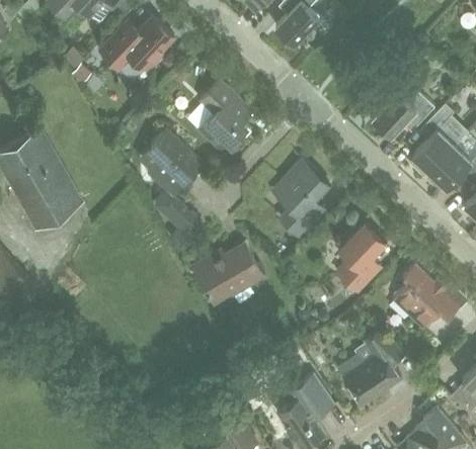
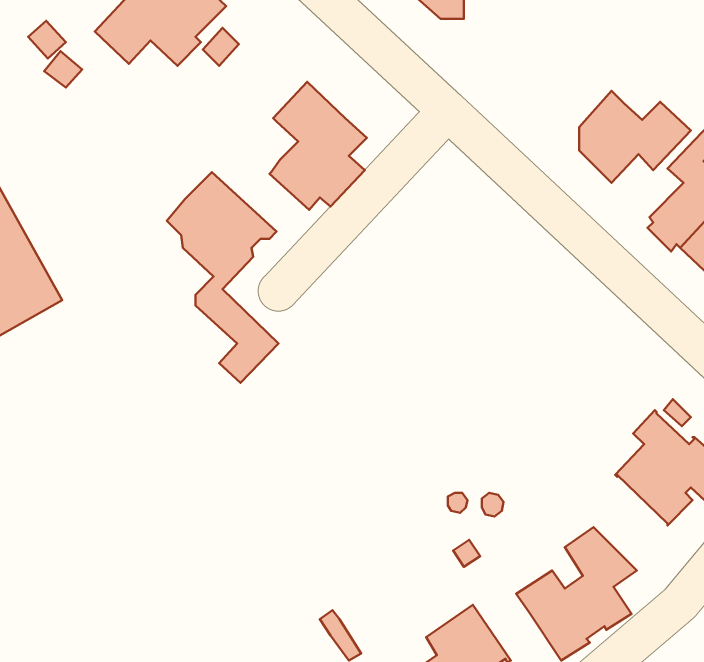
building: [273,160,328,238] -> none
building: [337,222,386,292] -> none
building: [193,244,264,303] -> none

